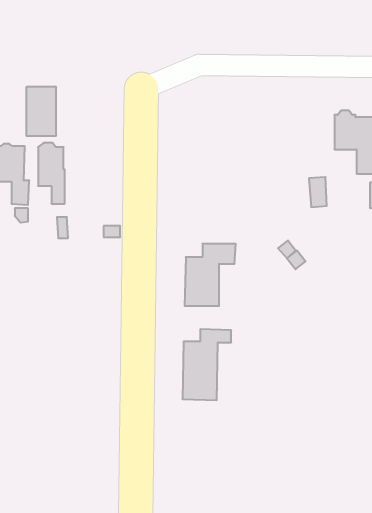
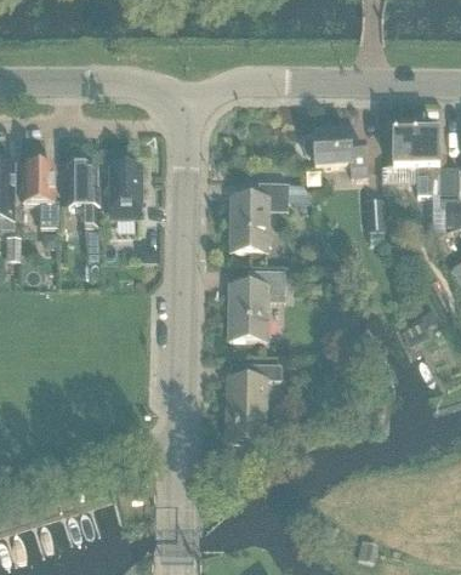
building: [26,87,56,136] -> [109,164,142,217]
building: none -> [305,131,366,173]
building: none -> [230,182,312,249]

